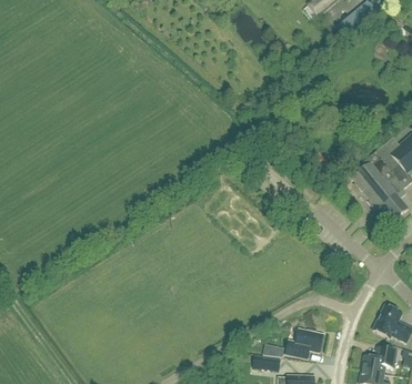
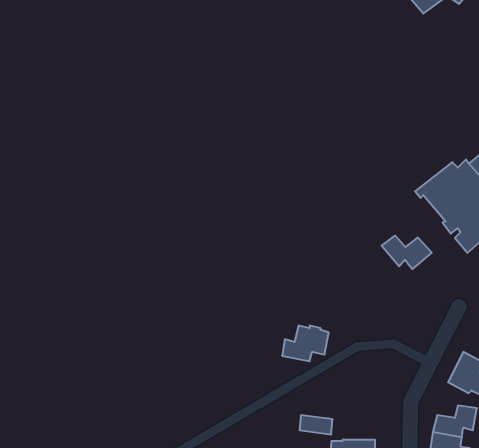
building: none -> [382,236,432,269]
building: [284,329,322,357] -> [282,326,329,361]

